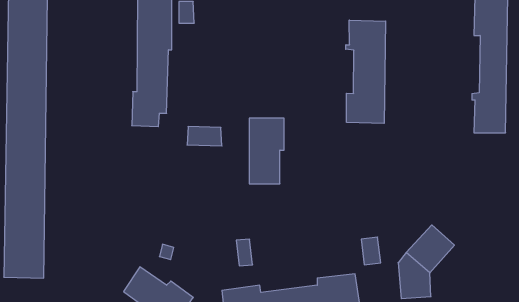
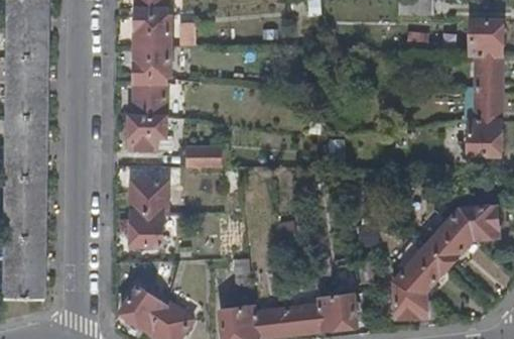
building: [346,20,386,123] -> none
building: [249,118,284,184] -> [133,180,167,244]
building: none -> [426,206,498,265]

